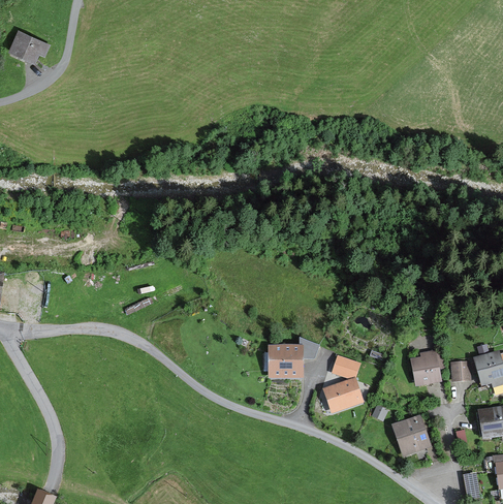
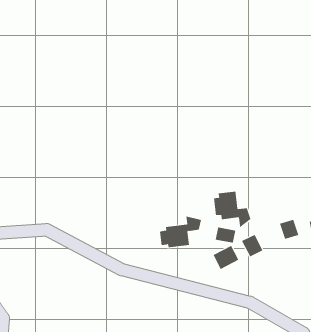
building: none -> [213,191,251,228]
building: [399,421,425,449] -> [241,234,263,257]

